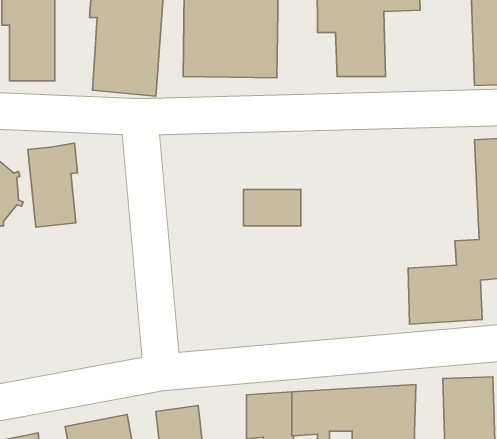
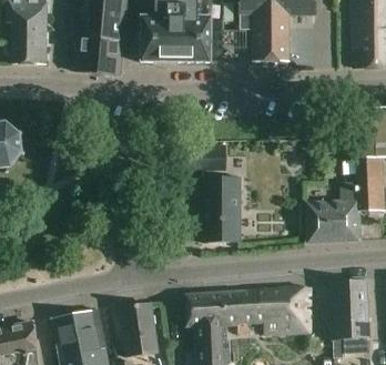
building: [28,143,77,227] -> none
building: none -> [204,176,242,242]

